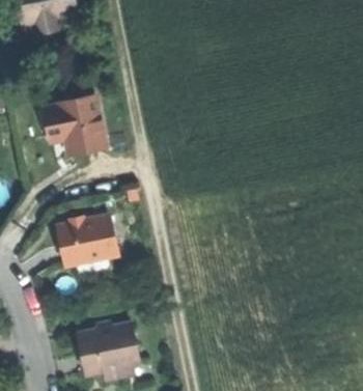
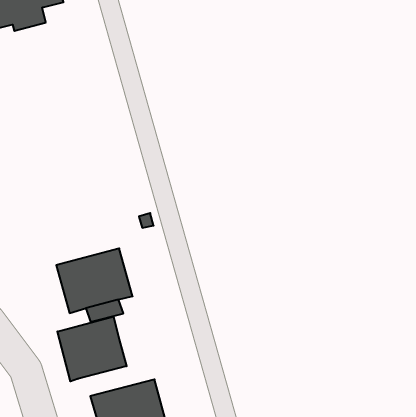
building: [51,96,104,151] -> none
building: none -> [57,316,127,381]

